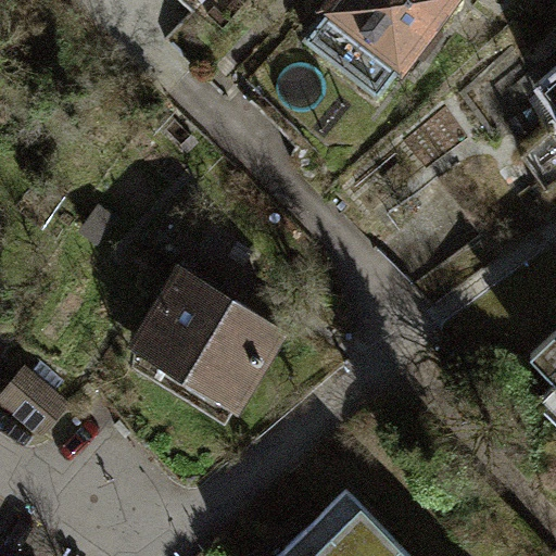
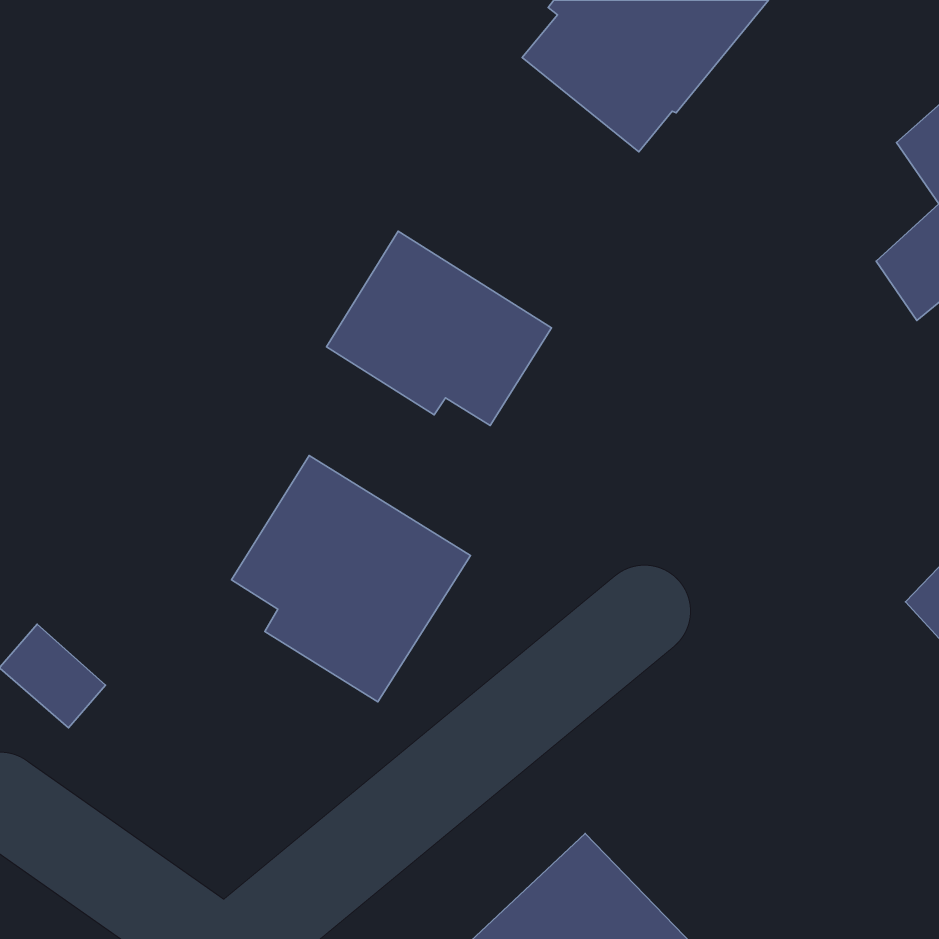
building: none -> [327,231,551,426]

